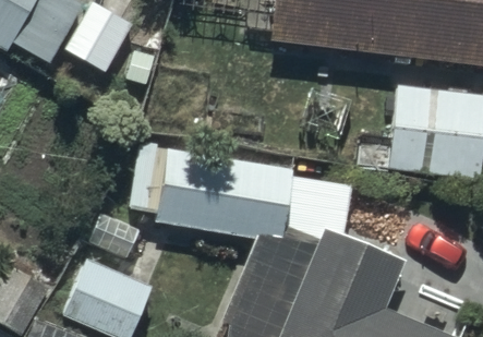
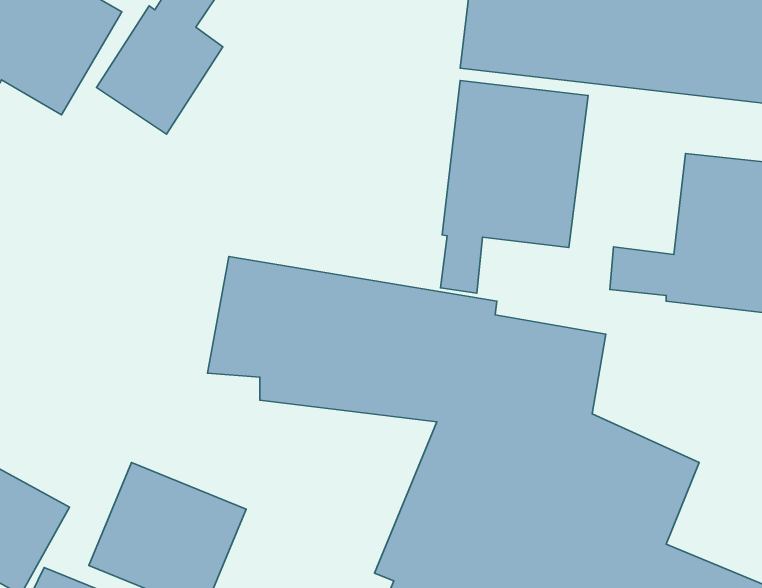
building: none -> [440,81,588,293]

